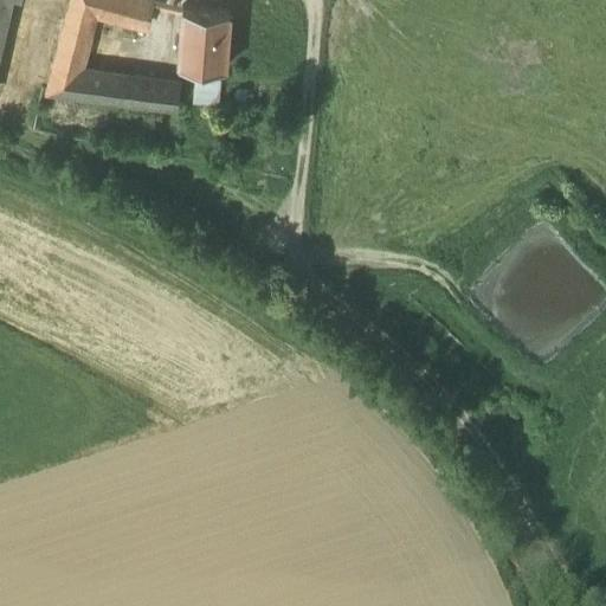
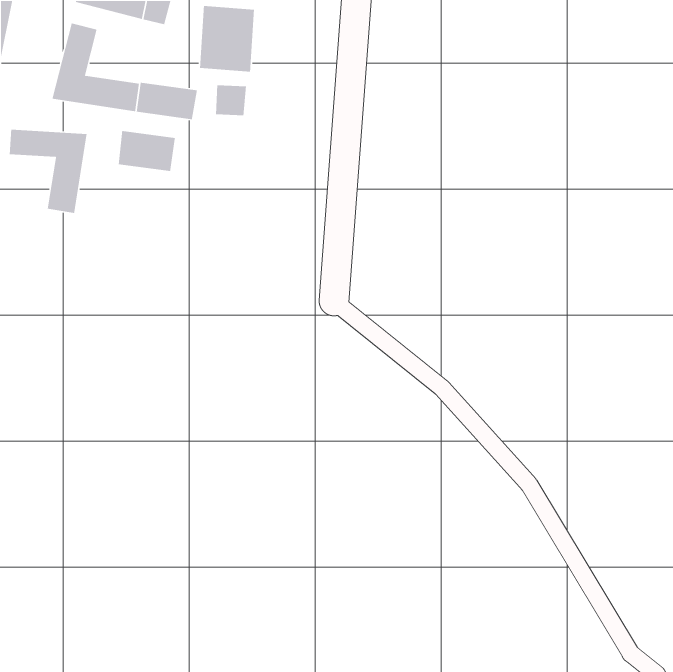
building: none -> [9,129,88,214]
building: none -> [118,130,176,172]

